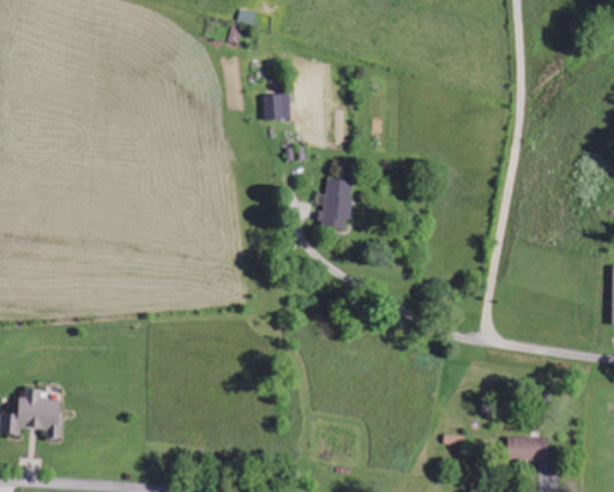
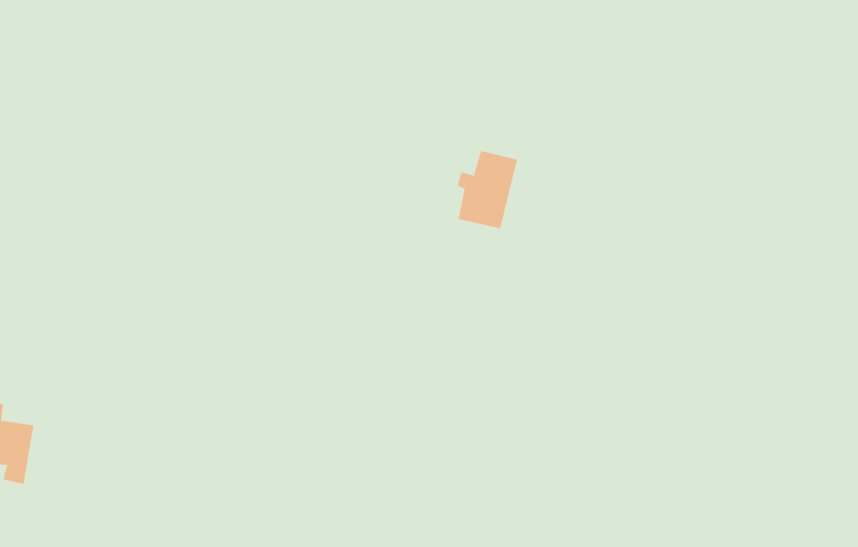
building: [261,96,289,121] -> none

